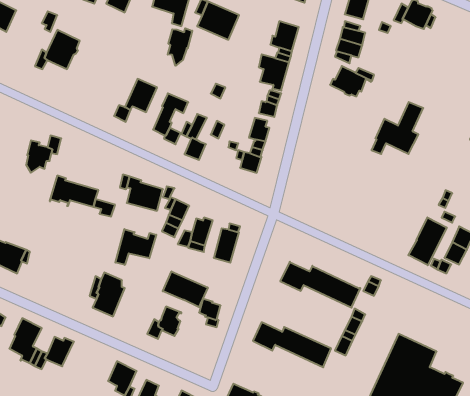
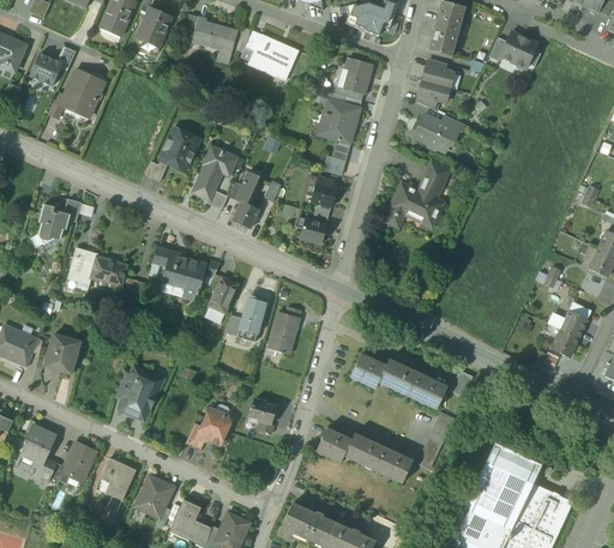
building: none -> [29,53,62,85]
building: [168,28,192,66] -> none
building: [371,102,423,154] -> [385,162,449,225]
building: [408,217,447,265] -> none
building: [115,229,156,265] -> none
building: none -> [43,335,79,373]
building: [163,271,208,307] -> none
building: none -> [96,457,136,500]

